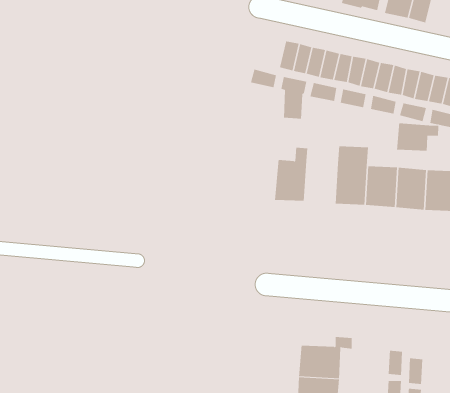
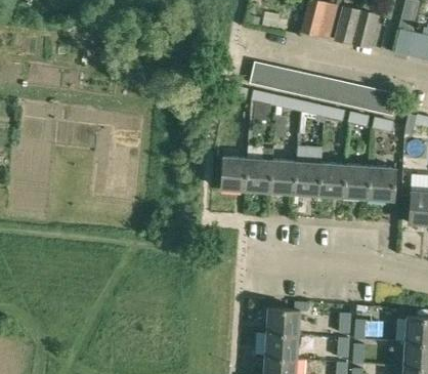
building: [397,123,439,151] -> none
building: none -> [221,157,249,192]
building: none -> [270,160,297,195]

